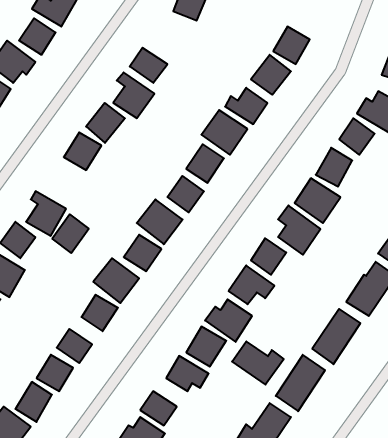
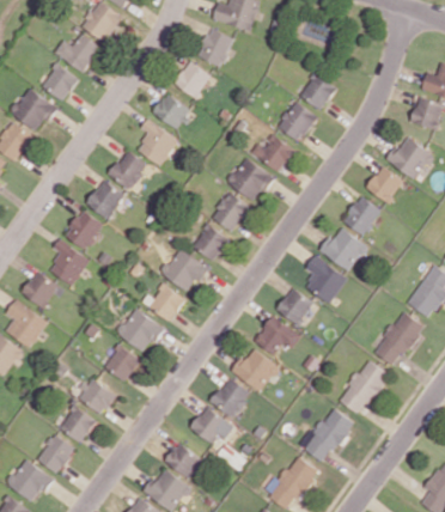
building: none -> [175,61,212,98]
building: [52,214,89,253] -> [66,209,103,249]
building: [232,341,284,385] -> none

